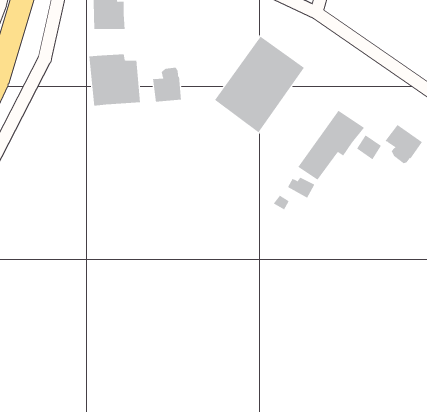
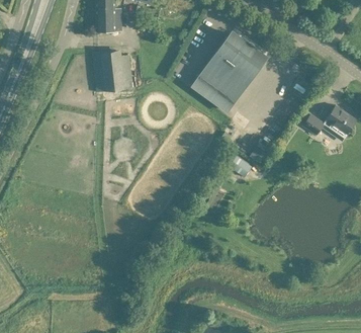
building: [153,67,182,103] -> none
building: [298,110,365,181] -> none

